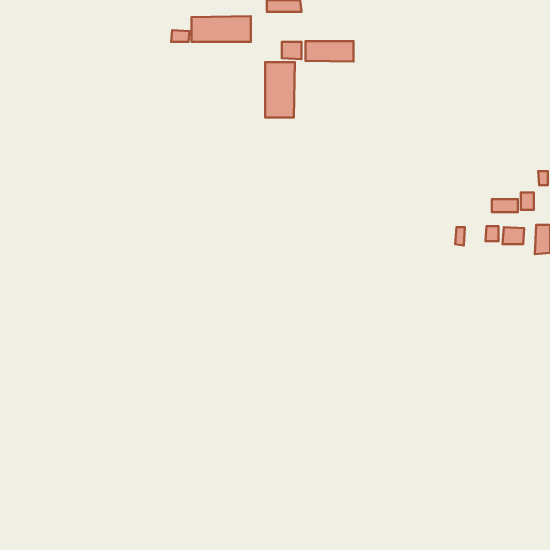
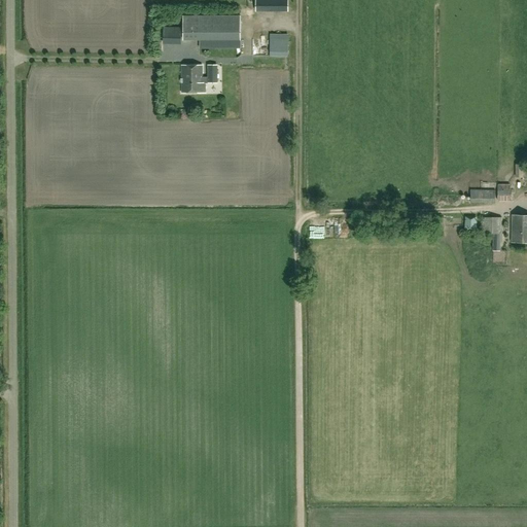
building: [305,41,353,62] -> none
building: [265,62,295,117] -> none
building: none -> [182,65,217,93]

